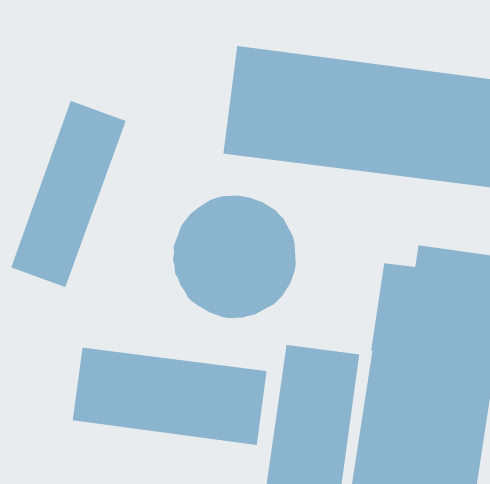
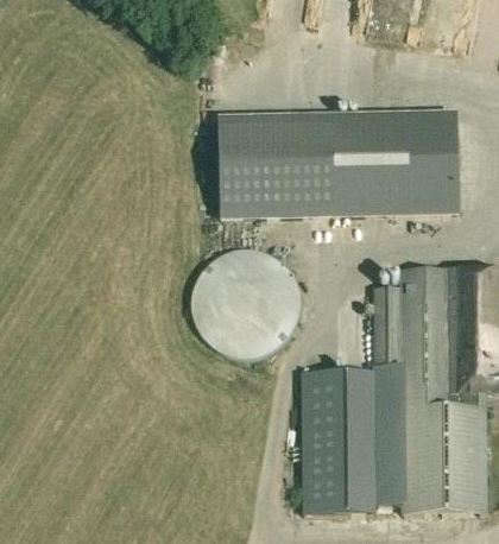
building: [10,100,127,288] -> none
building: [72,347,268,446] -> none

